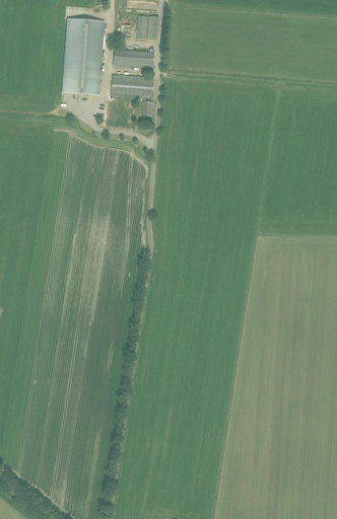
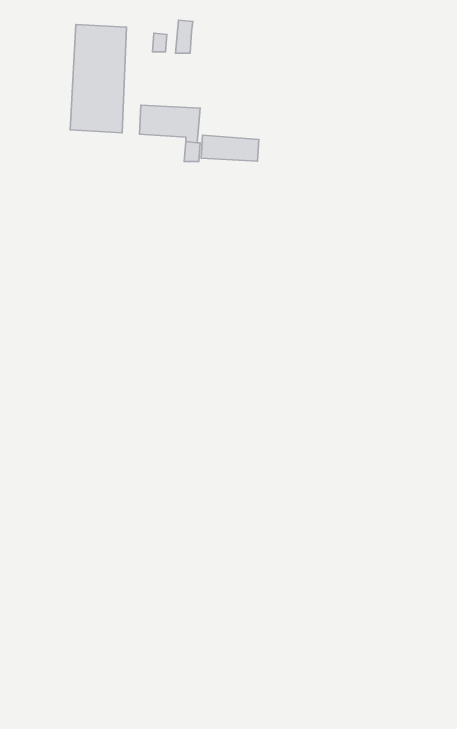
building: [113,48,153,66] -> [201,135,259,161]

